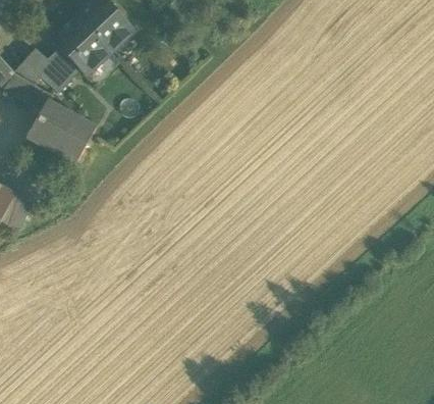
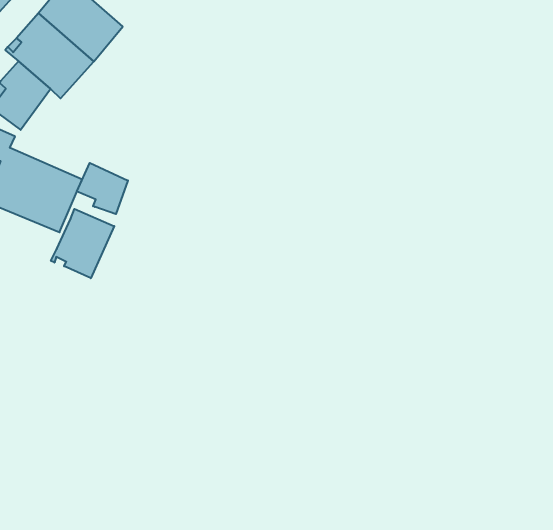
building: none -> [77,163,128,214]
building: none -> [51,209,114,278]

